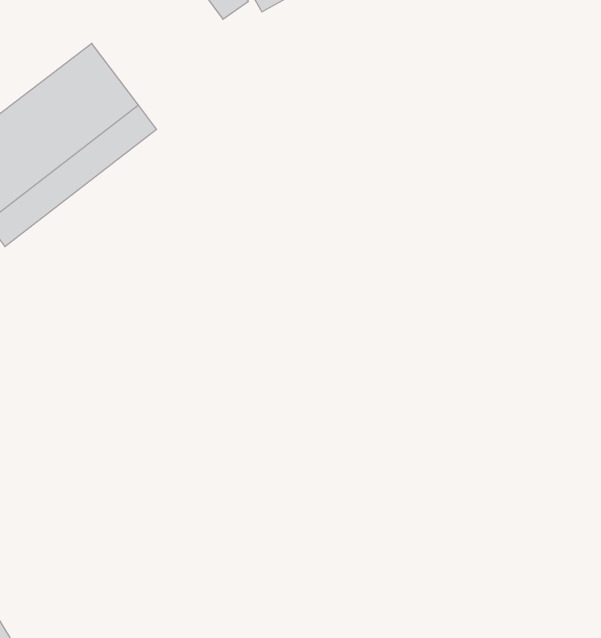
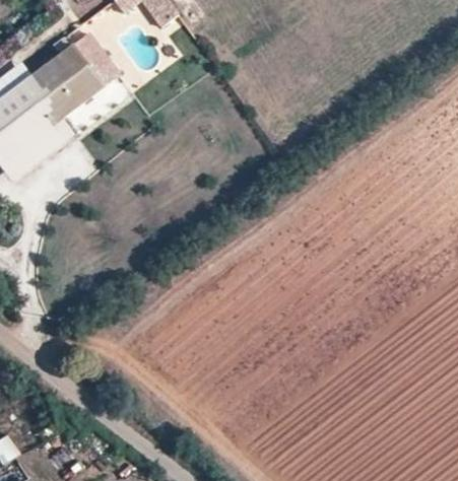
building: none -> [70,31,118,85]

